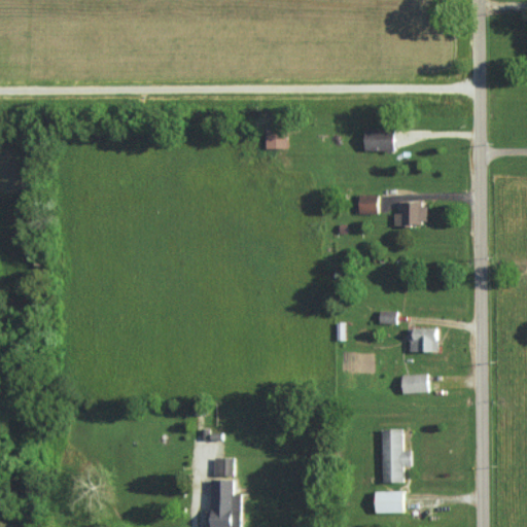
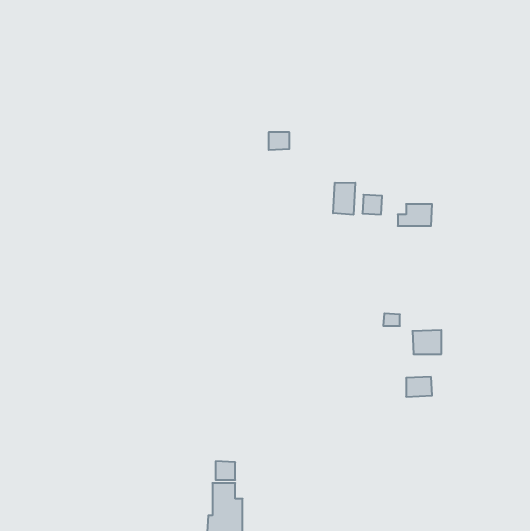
building: [364,128,394,150] -> none
building: none -> [333,183,355,215]
building: [381,429,411,482] -> none
building: [375,491,402,513] -> none

